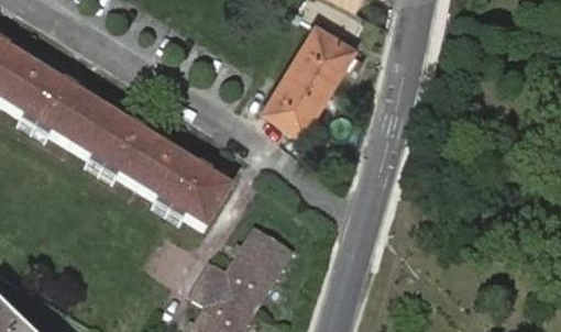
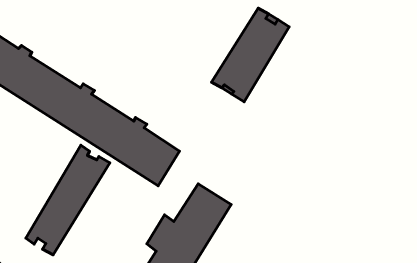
building: none -> [26,145,110,255]

